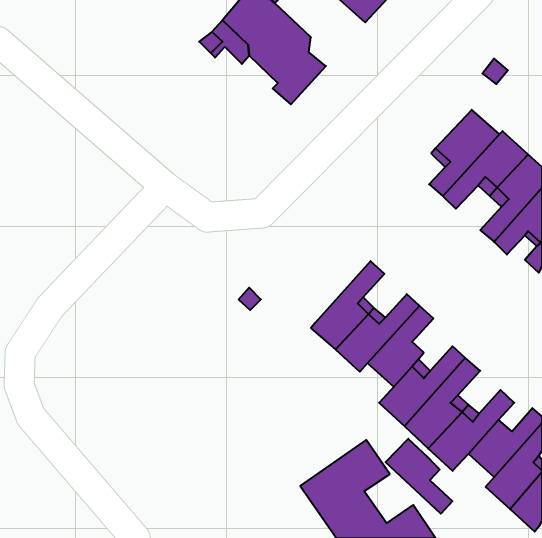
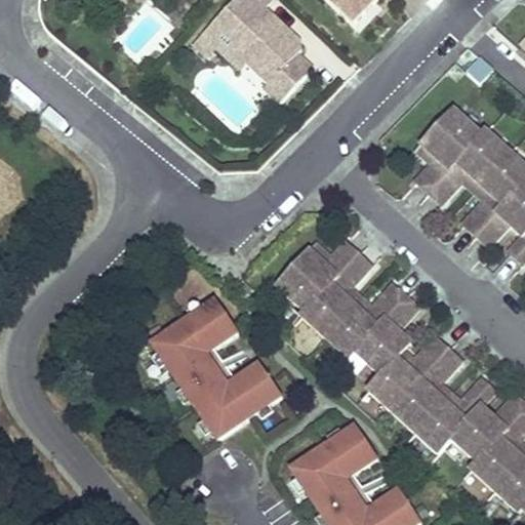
building: none -> [276,240,357,311]
building: none -> [152,297,282,439]
building: [386,439,452,514] -> none

